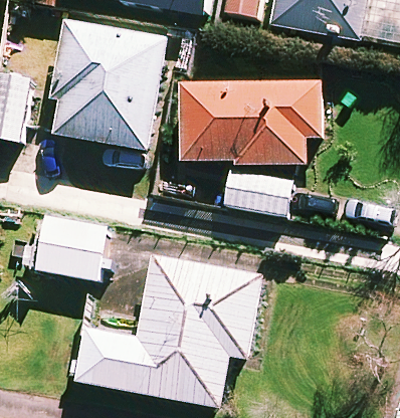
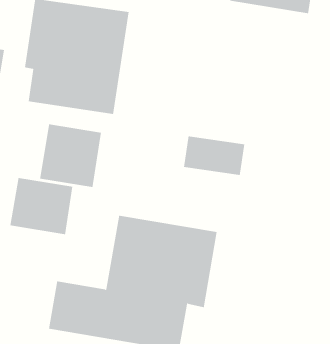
building: [181,79,321,162] -> none
building: none -> [39,124,101,188]

